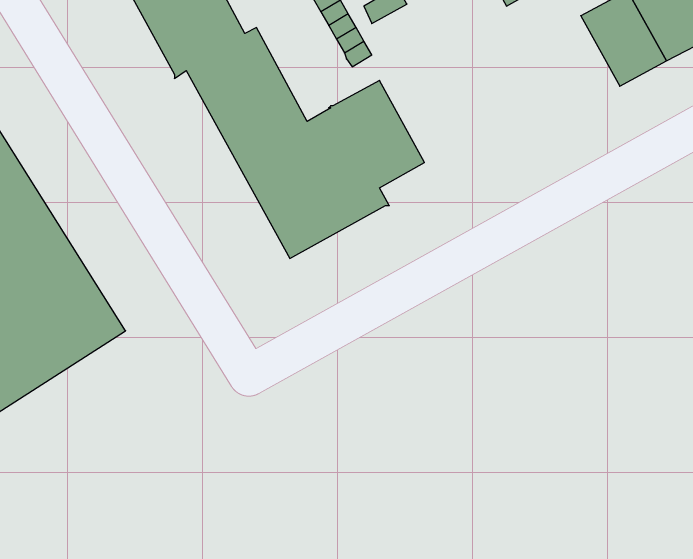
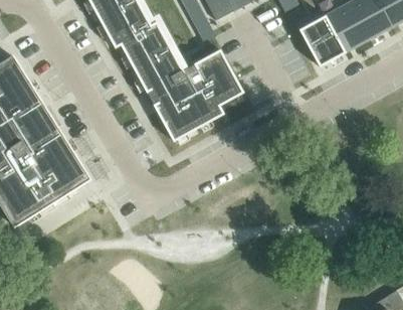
building: none -> [298,16,343,66]

